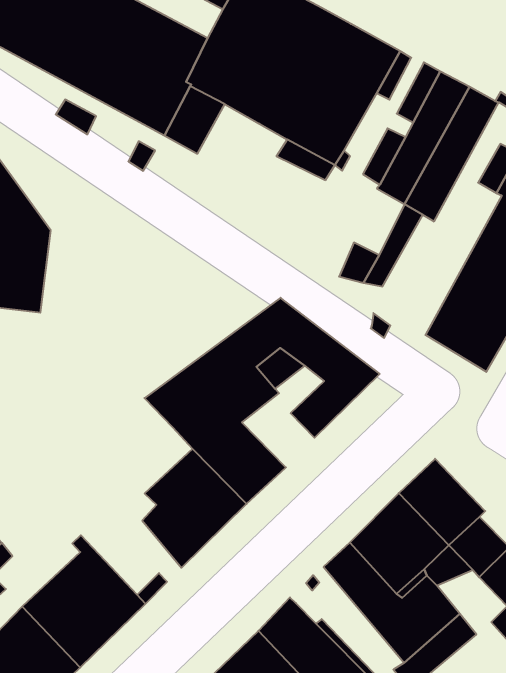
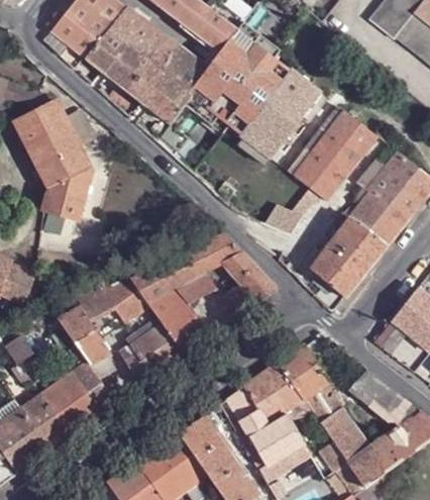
building: none -> [57,280,147,379]

